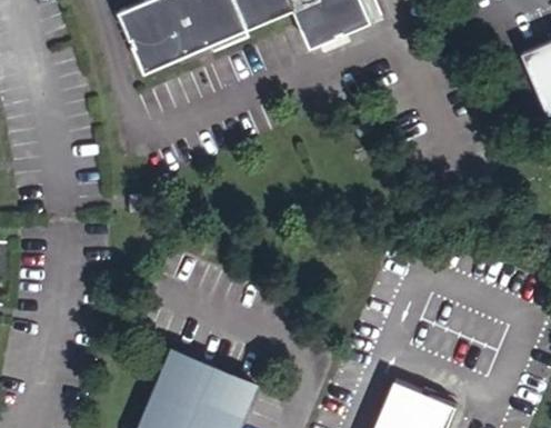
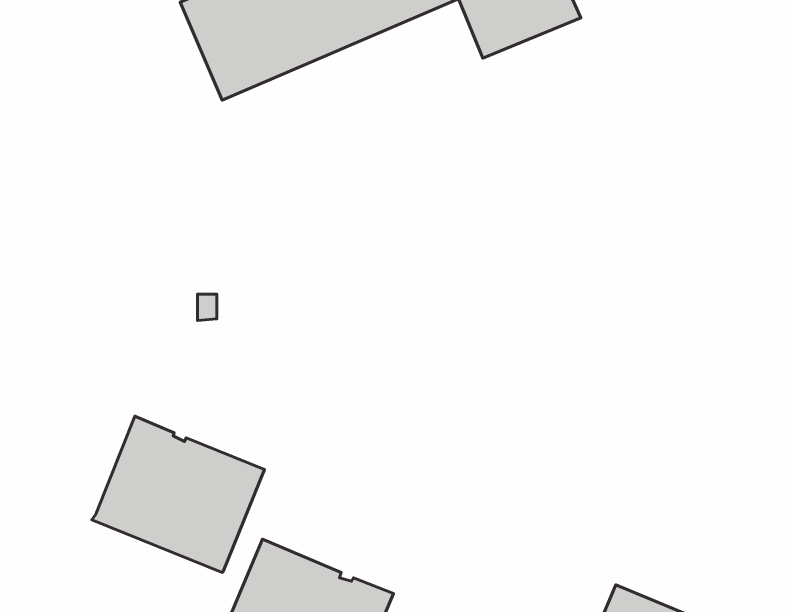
building: none -> [92,416,264,572]

